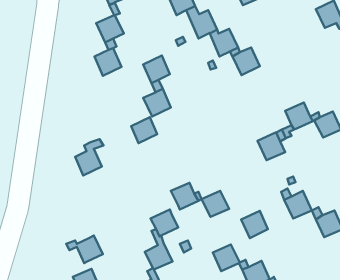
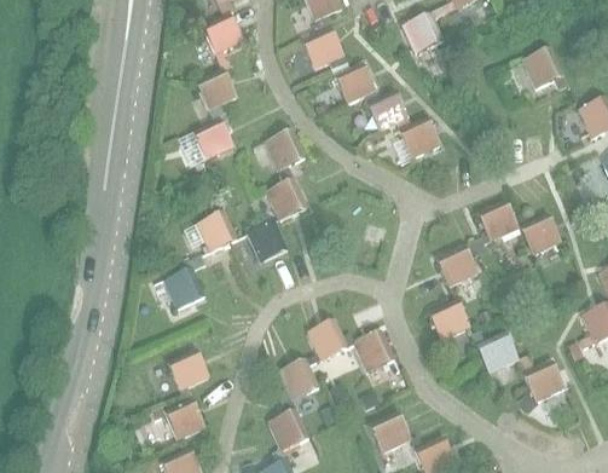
building: none -> [198,212,237,250]
building: none -> [167,350,207,390]
building: [241,211,268,238] -> [428,299,468,340]

